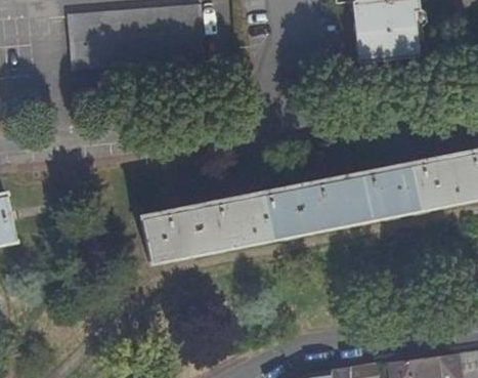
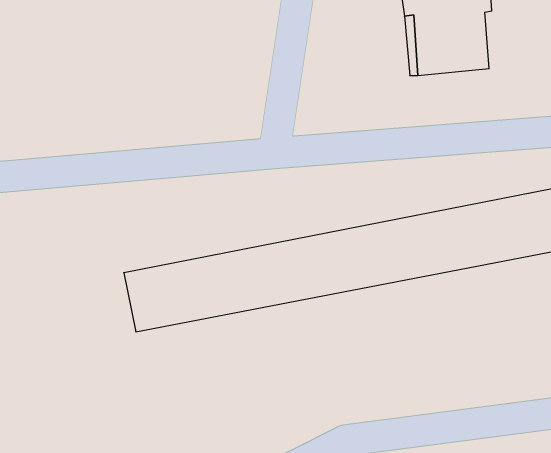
building: [68,12,204,69] -> none

